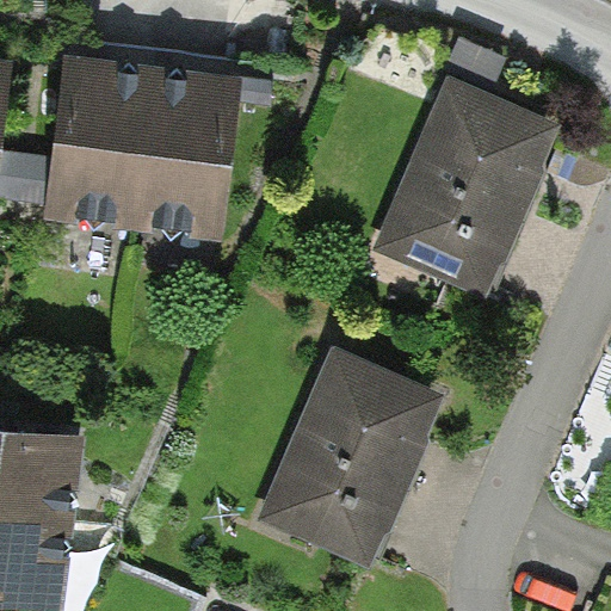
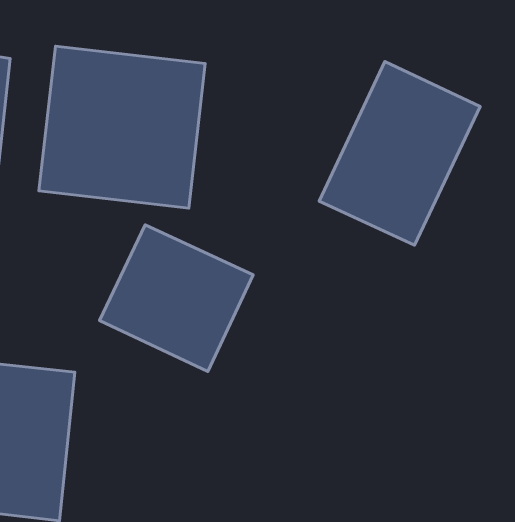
building: none -> [100,225,253,371]
building: [258,347,449,561] -> none

